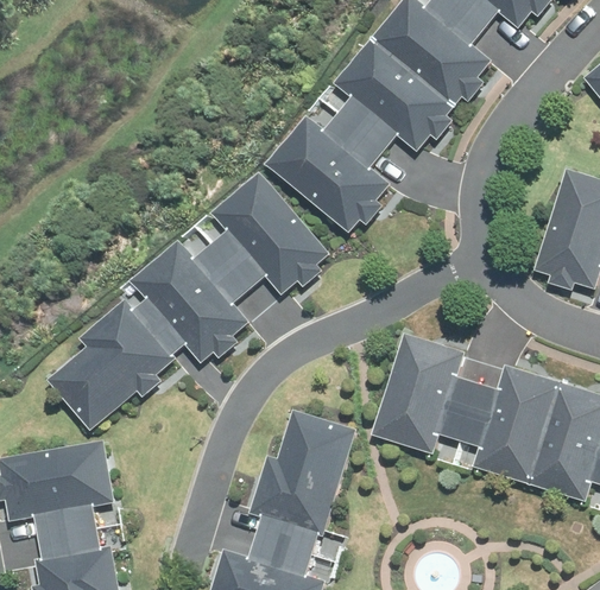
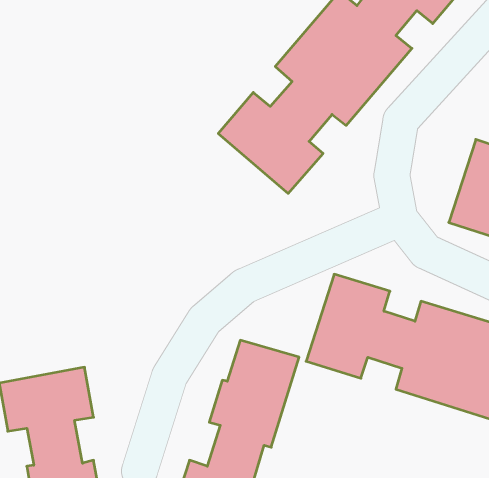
building: [50,172,334,426] -> none

